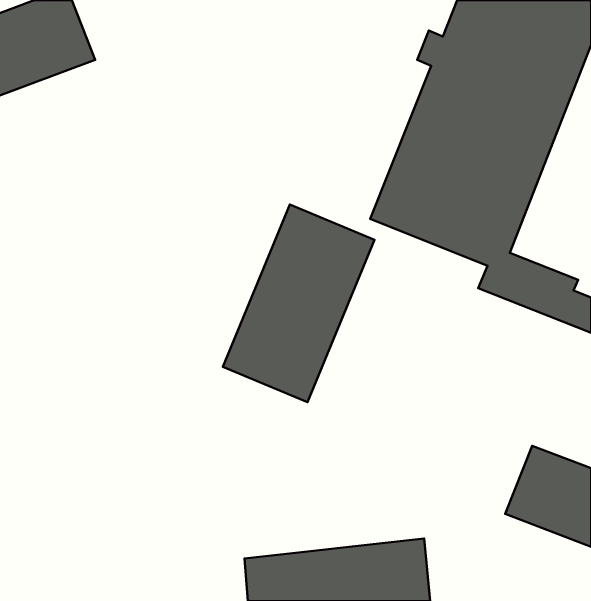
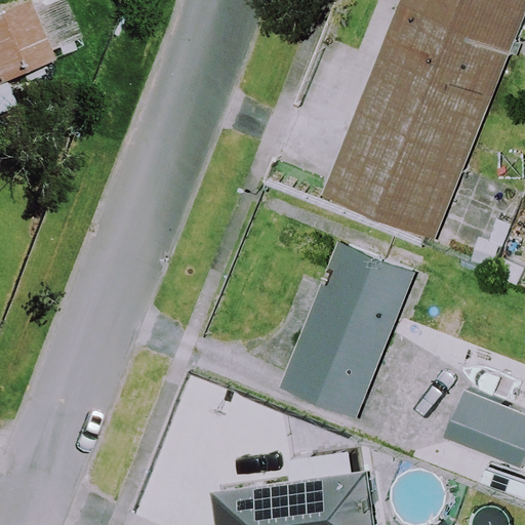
building: [223,205,375,402] -> [282,240,414,412]

